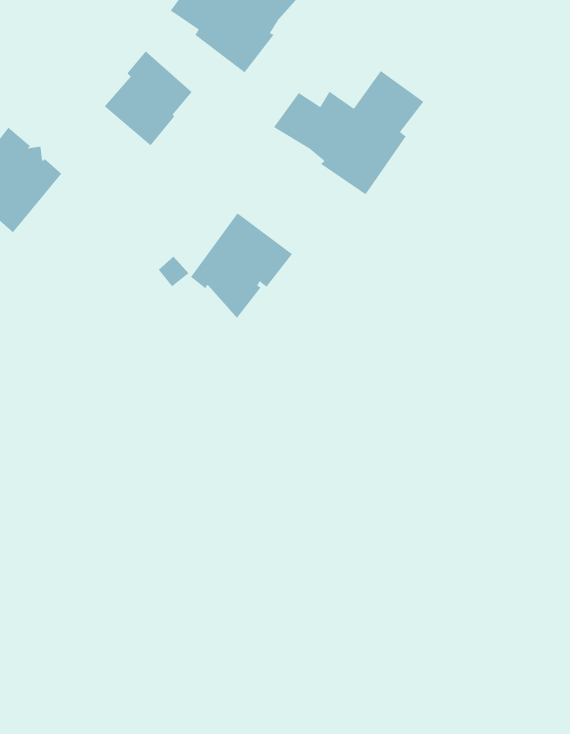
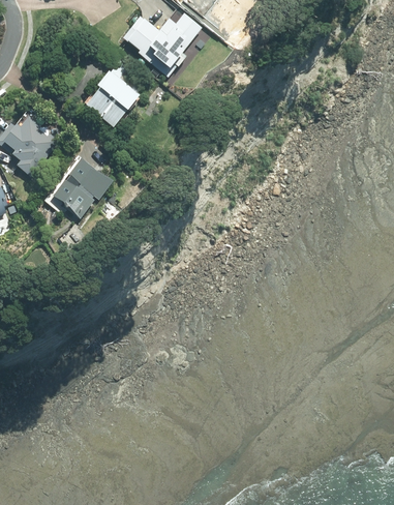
building: [273,70,424,195] -> none
building: [190,213,293,319] -> [52,154,113,217]

